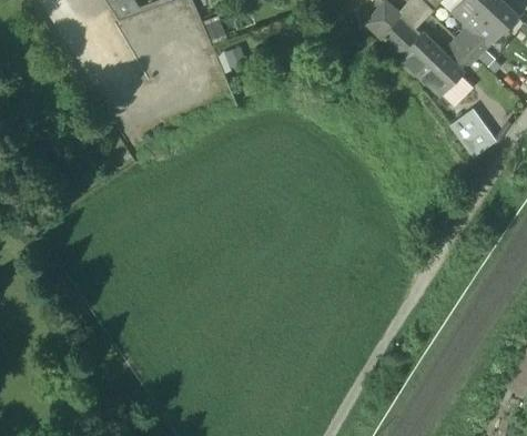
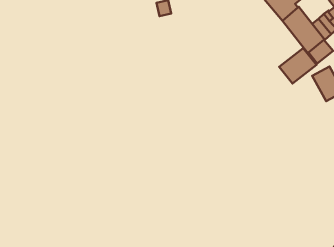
building: none -> [279,48,317,84]

